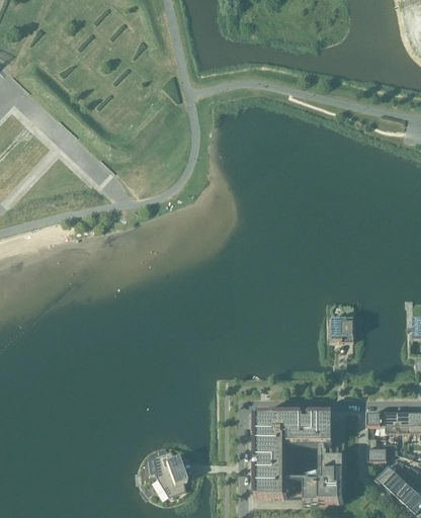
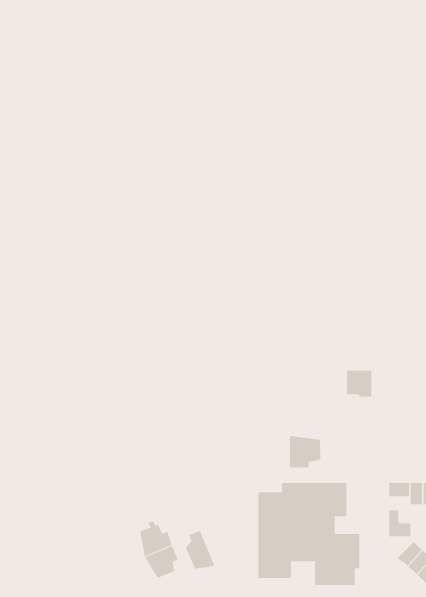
building: none -> [289,435,321,468]
building: none -> [185,530,215,569]

